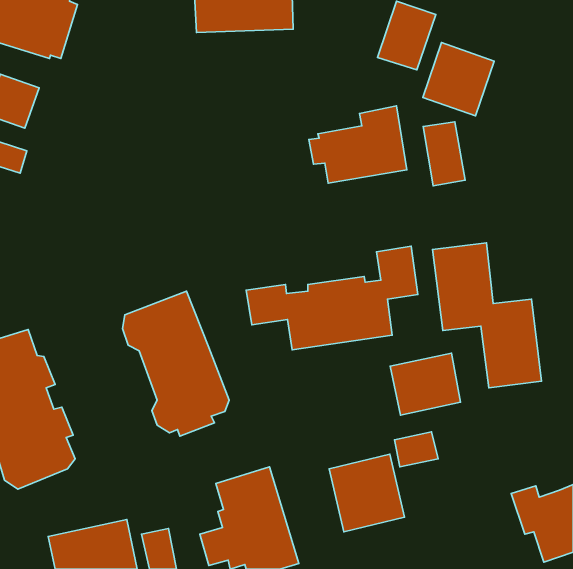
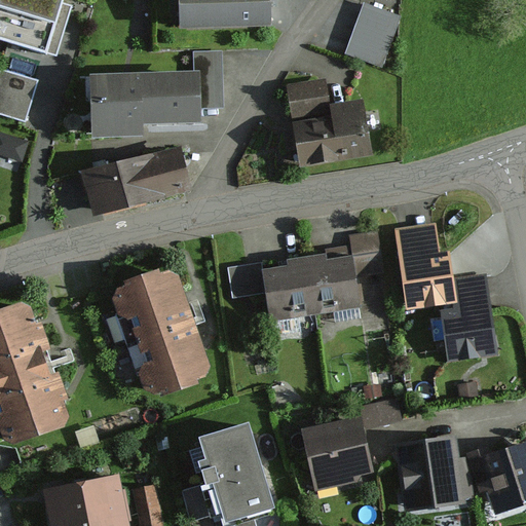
building: [423,43,494,116] -> none
building: none -> [91,48,221,141]
building: none -> [285,77,331,122]
building: [423,122,465,186] -> none
building: none -> [82,145,192,215]
building: [390,353,461,415] -> none
building: none -> [397,436,472,508]

